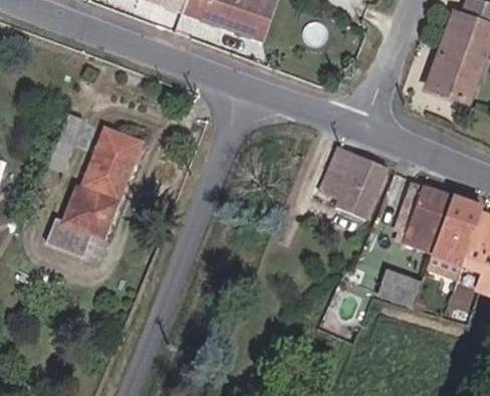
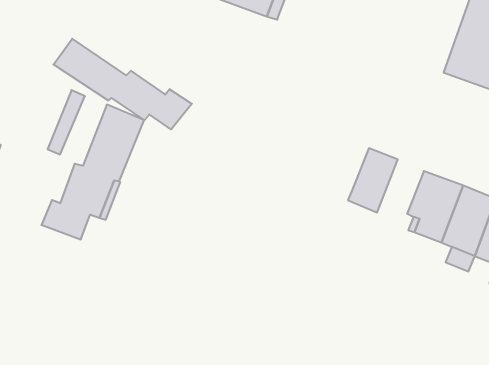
building: none -> [53,39,192,129]
building: [320,157,357,203] -> none
building: [374,267,418,304] -> none

